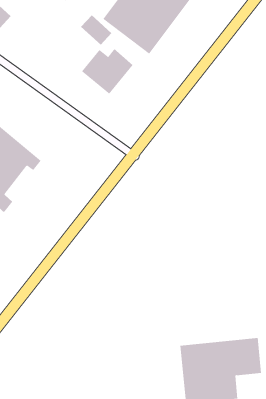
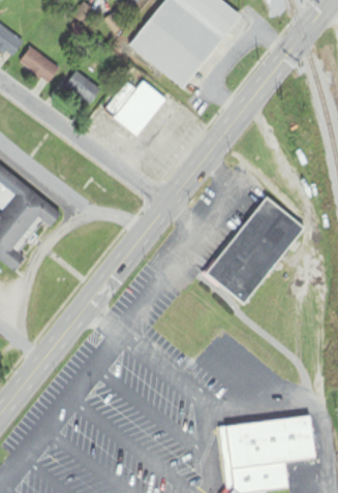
building: [80,14,112,45] -> [66,70,103,106]
building: none -> [21,47,60,85]
building: none -> [202,196,301,302]

